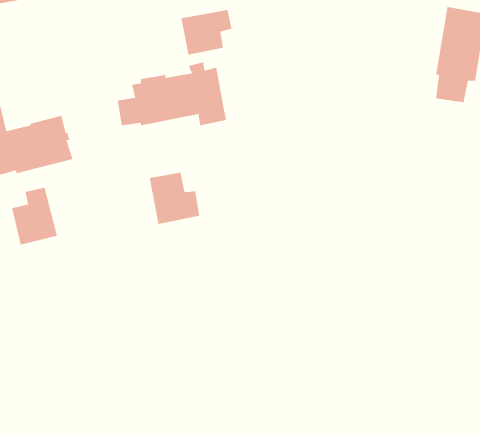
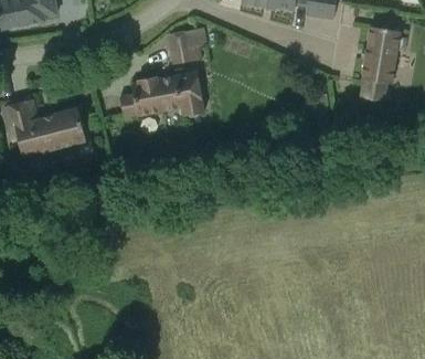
building: [149,172,200,225] -> none
building: [11,187,58,245] -> none

